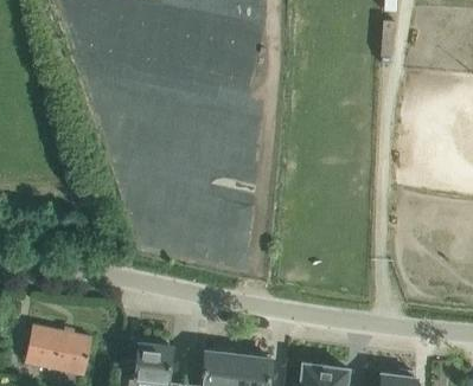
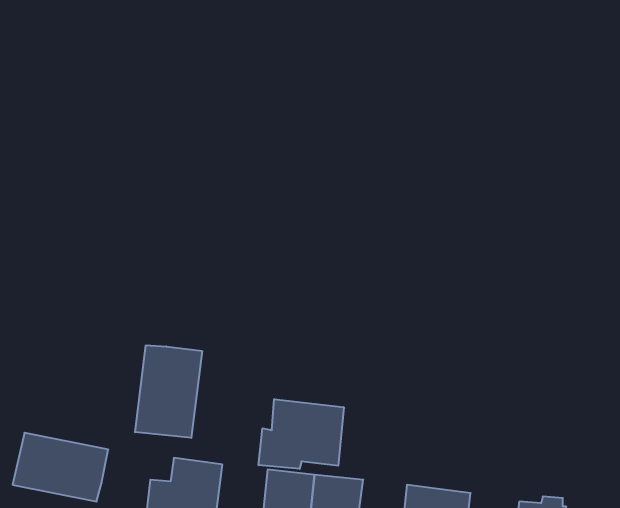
building: none -> [135,345,202,438]
building: none -> [259,399,344,469]

